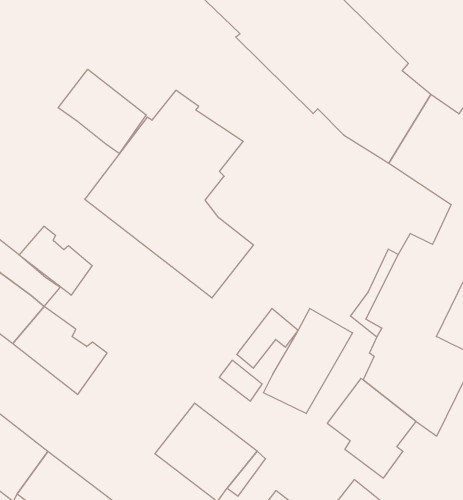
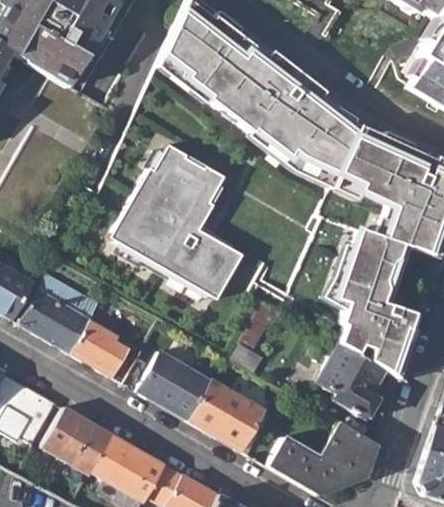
building: [58,69,146,154] -> none
building: [19,226,92,295] -> none
building: [263,308,353,414] -> none
building: none -> [137,352,213,422]

